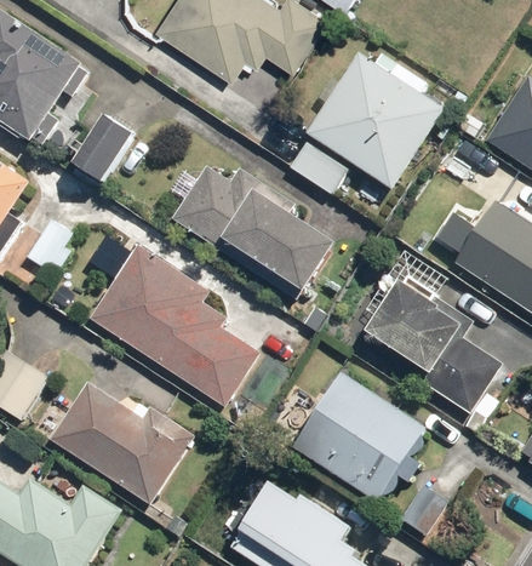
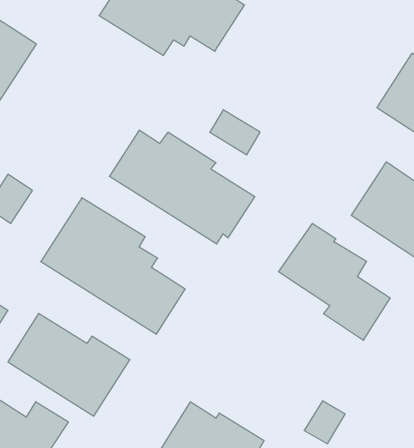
building: [308,52,447,189] -> none
building: [74,113,137,182] -> none
building: [297,376,429,504] -> none

